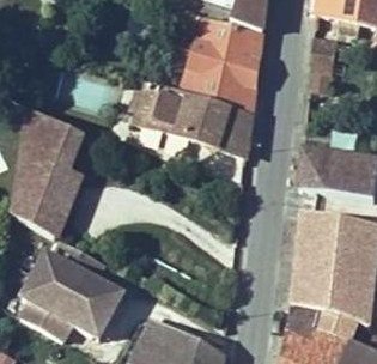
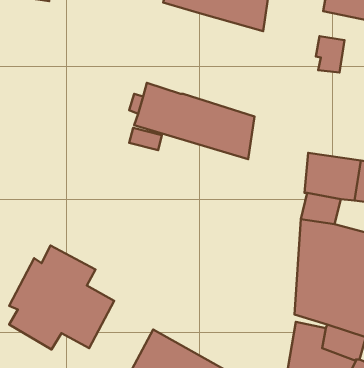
building: [180,16,259,114] -> none
building: [12,109,84,237] -> none

